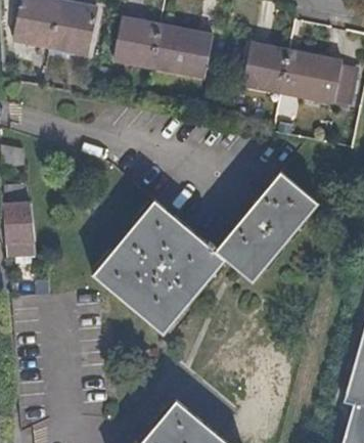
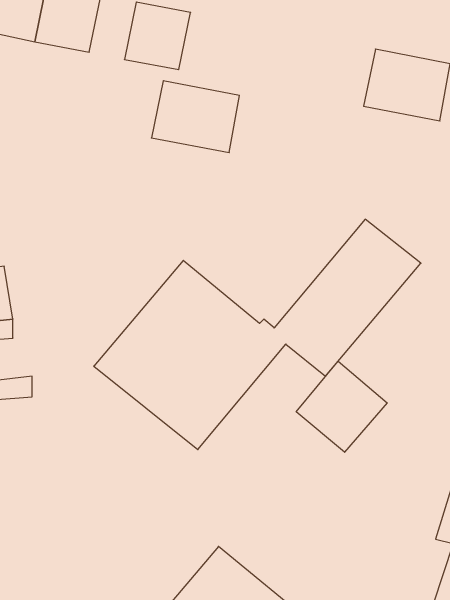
building: [151,28,213,78] -> [151,81,239,153]
building: [242,46,288,93] -> none
building: none -> [296,361,387,452]

